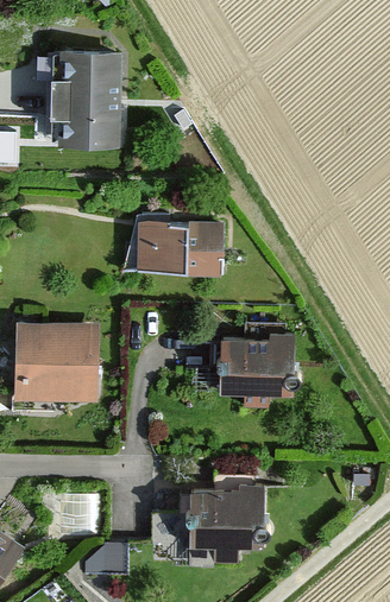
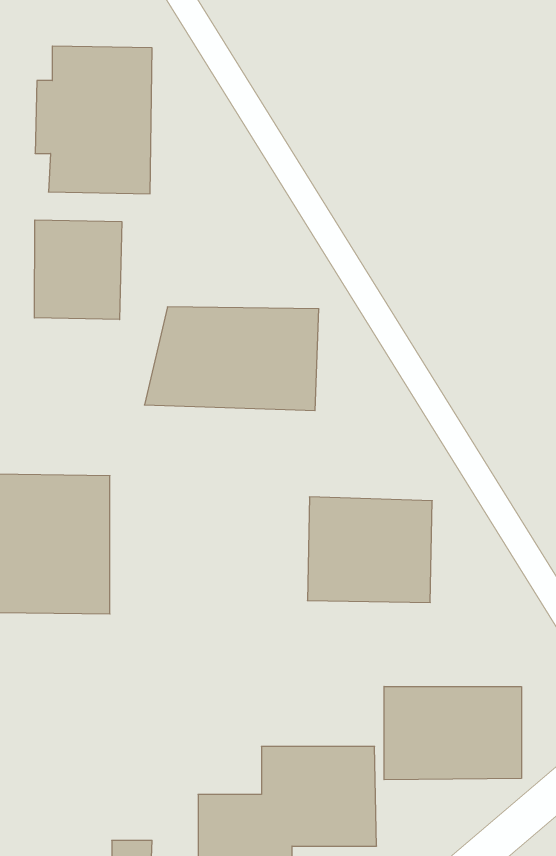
building: none -> [34,220,122,320]
building: none -> [384,686,521,780]

